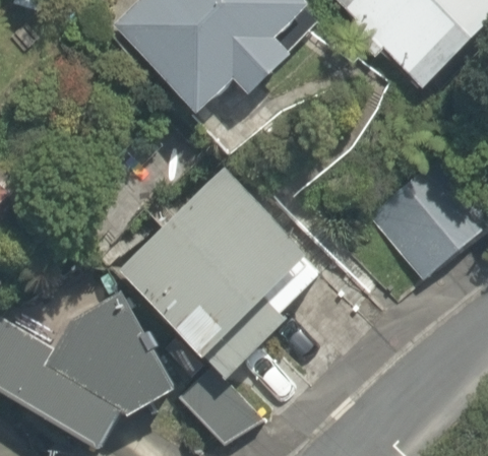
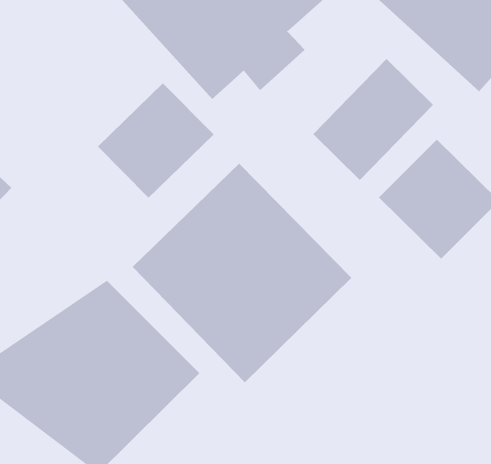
building: none -> [313,58,434,181]
building: none -> [97,83,215,199]

